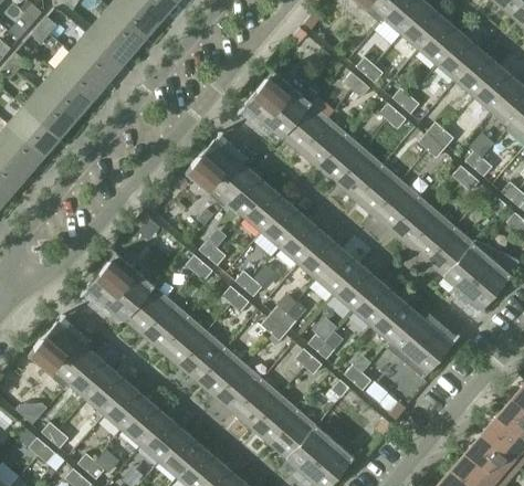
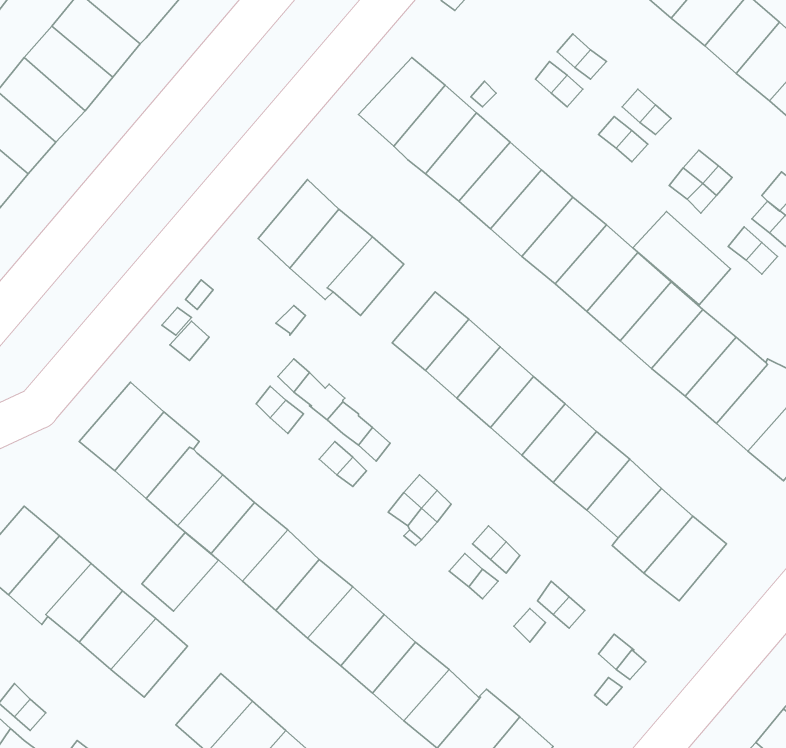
building: none -> [633,212,730,305]
building: [245,187,287,231] -> none
building: [124,401,167,445] -> [142,533,219,611]

